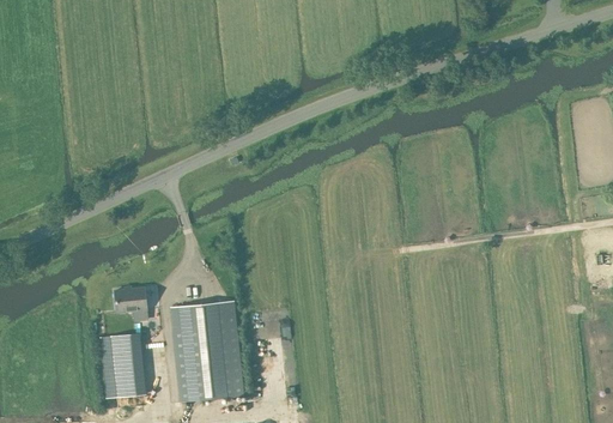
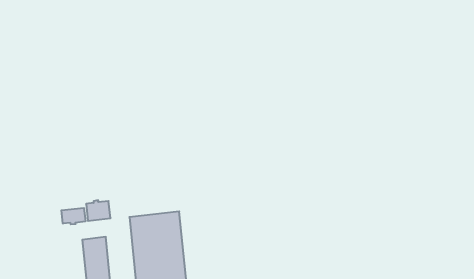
building: none -> [61,208,85,224]

